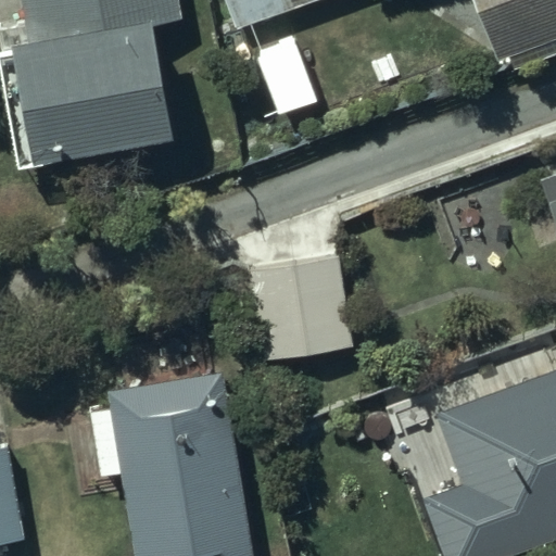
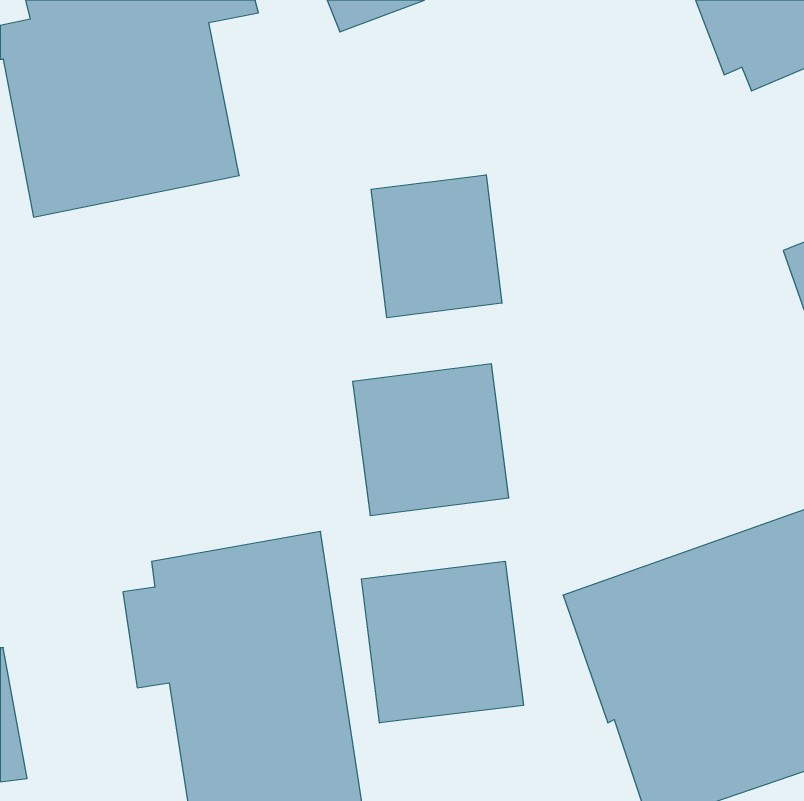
building: none -> [371,175,502,318]
building: none -> [361,561,523,723]

